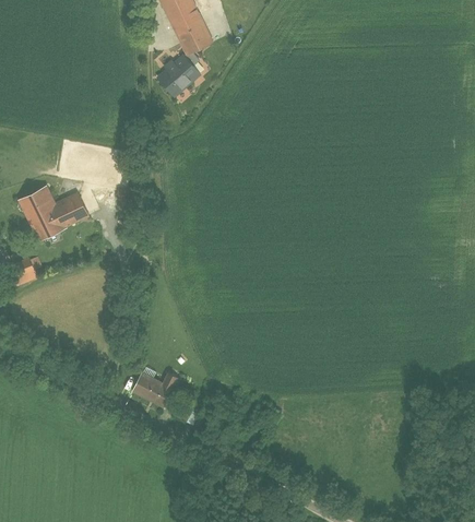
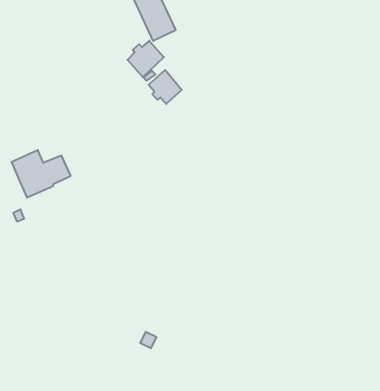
building: none -> [149,70,182,104]
building: [131,372,179,405] -> none

